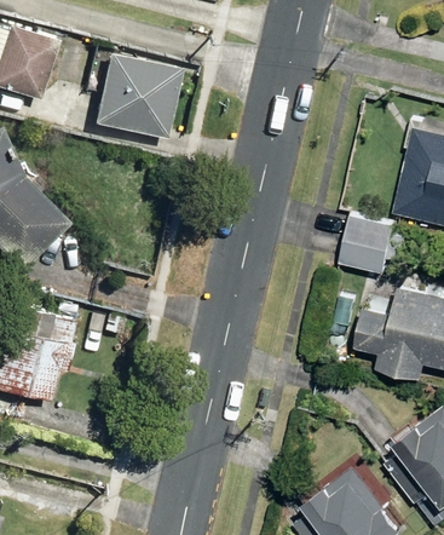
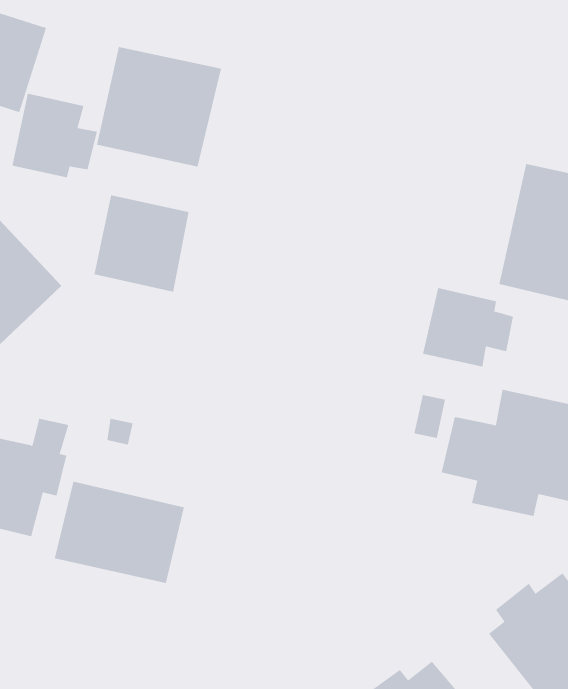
building: none -> [12,93,97,178]
building: none -> [94,194,189,292]
building: none -> [54,481,185,584]

